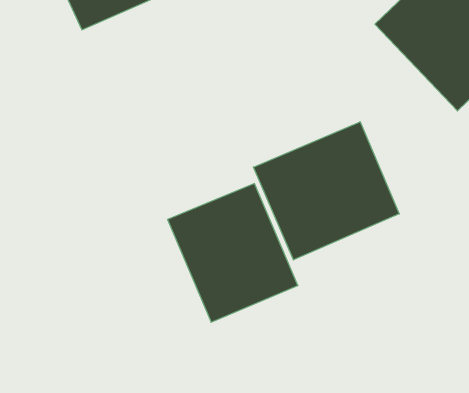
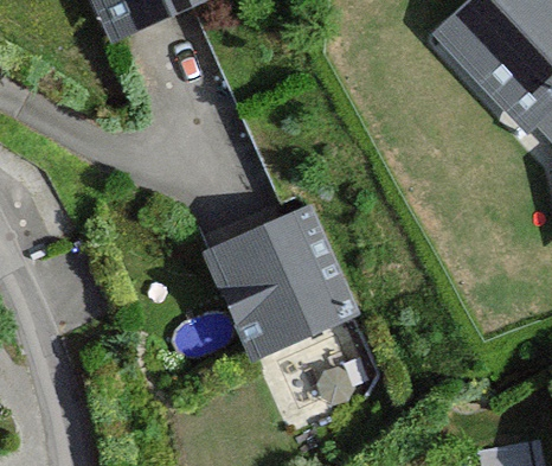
building: [253,122,399,260] -> none

